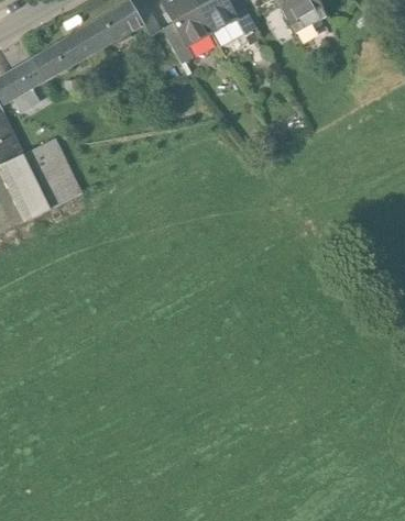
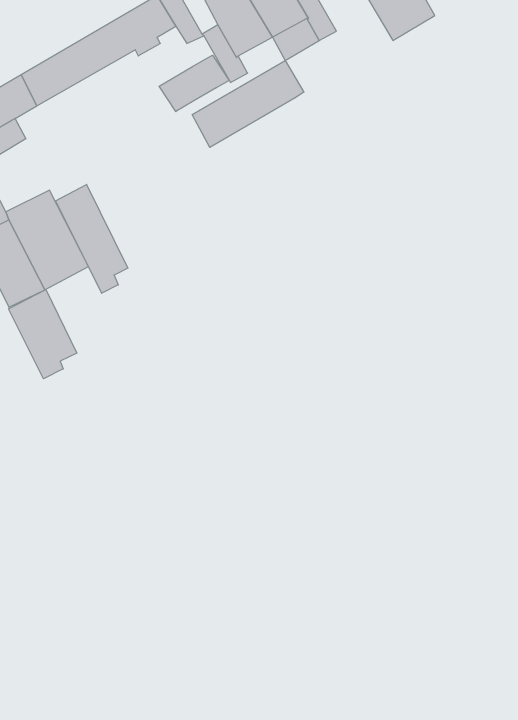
building: none -> [159,55,229,112]
building: none -> [192,61,304,147]
building: none -> [56,184,128,293]
building: none -> [9,289,77,379]

